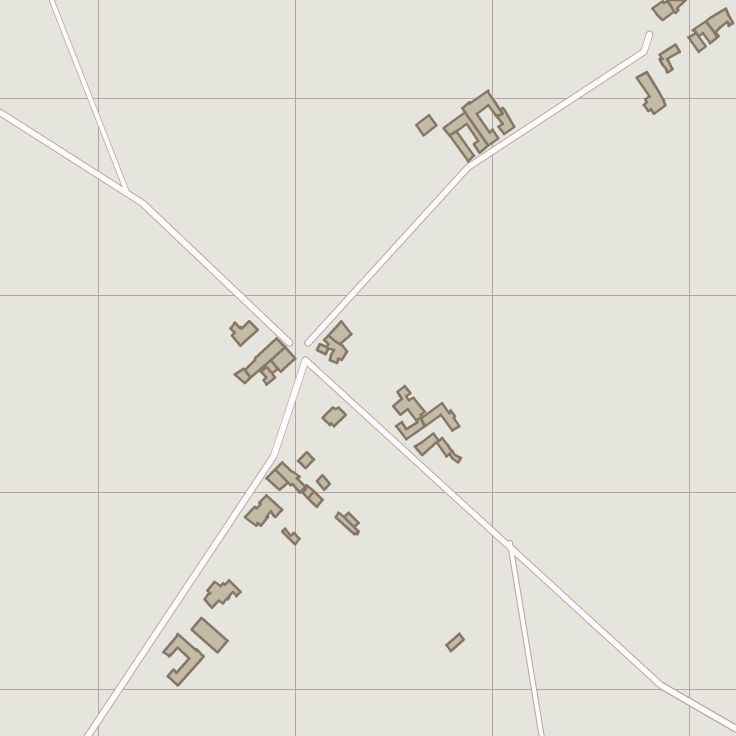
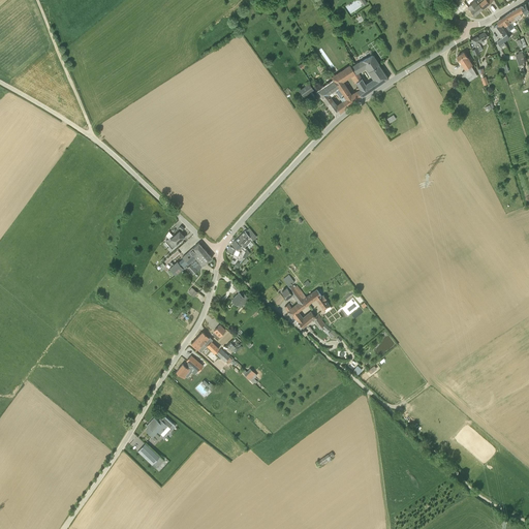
building: none -> [350,55,387,89]
building: [163,634,204,685] -> none

